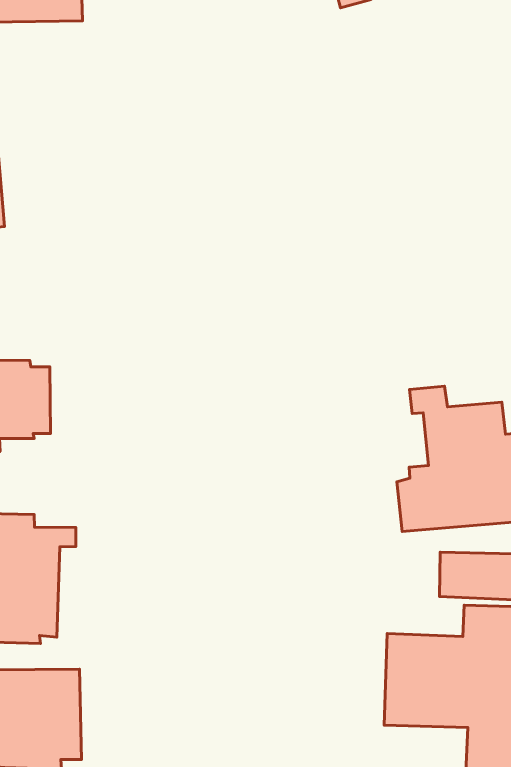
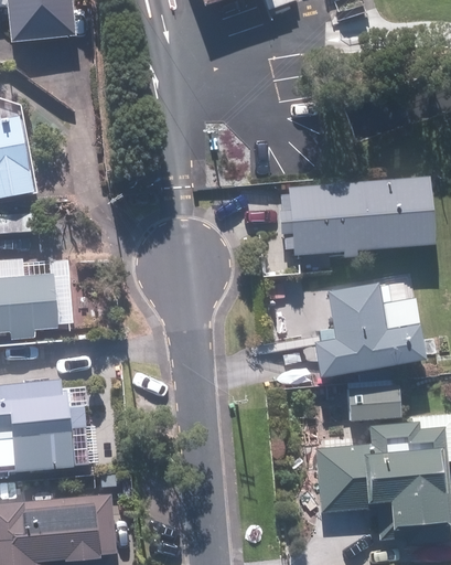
building: none -> [290,179,377,256]

